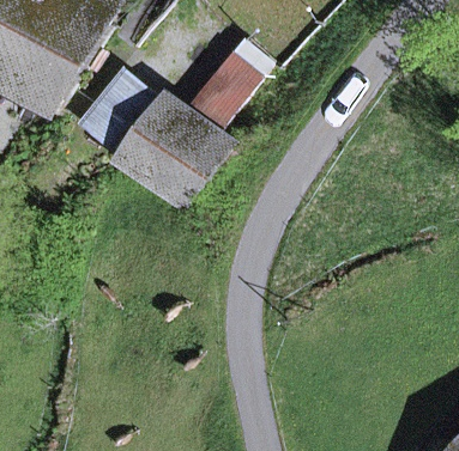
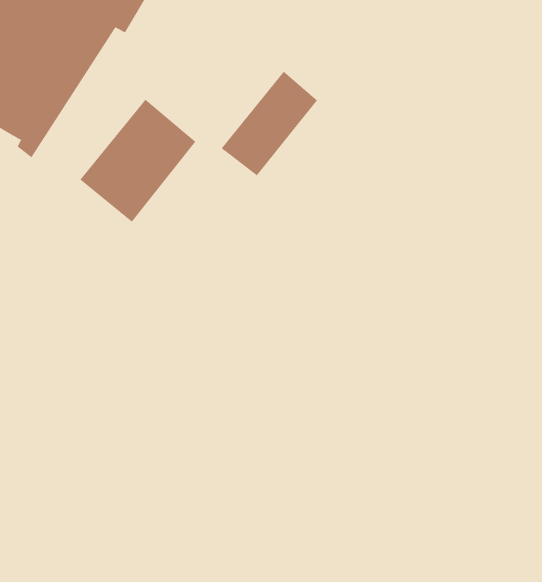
building: [125,104,232,212] -> none

